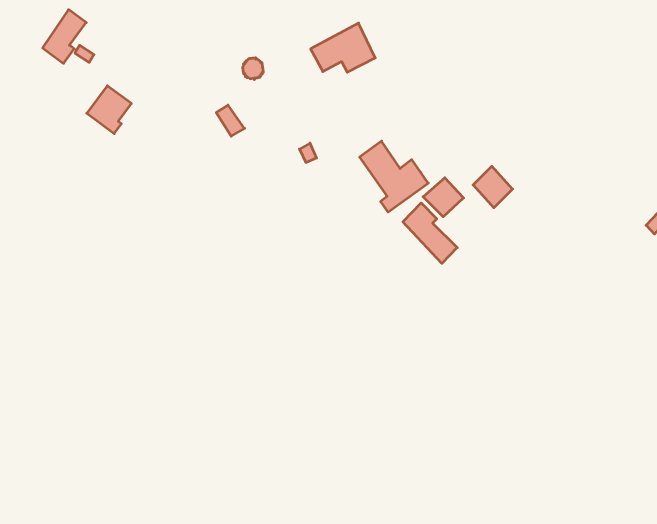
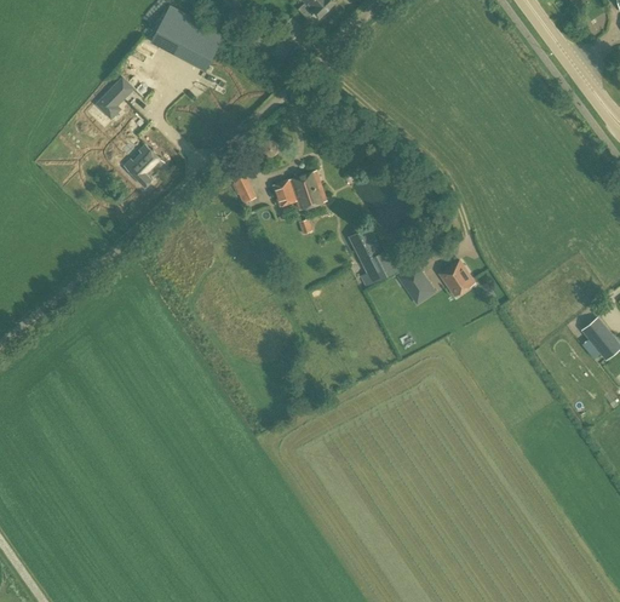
building: [311,23,375,72] -> [272,171,326,211]
building: [403,203,457,263] -> none

